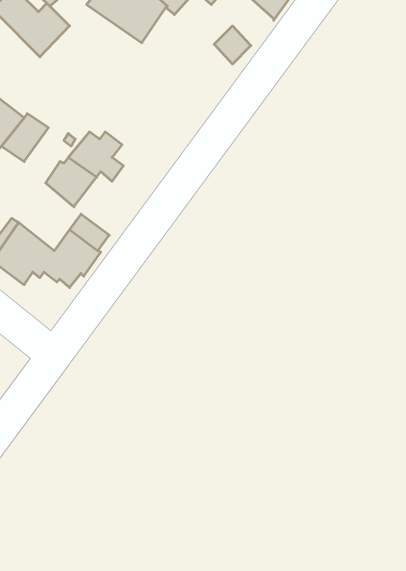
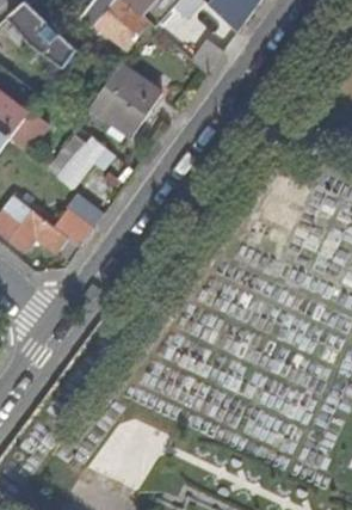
building: none -> [89,62,160,133]

